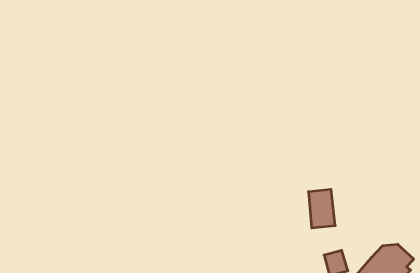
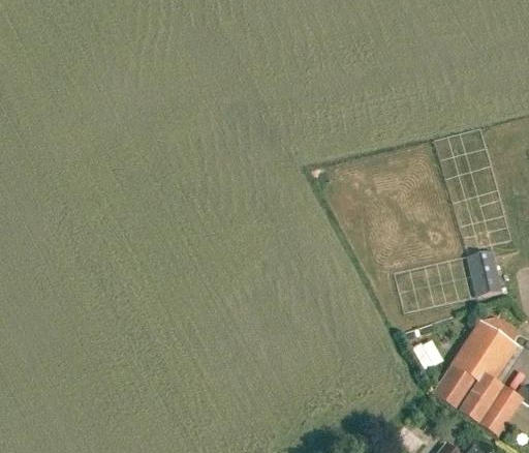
building: [308,189,335,228] -> [467,247,503,295]

